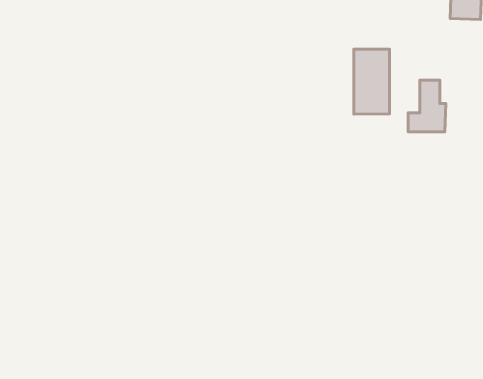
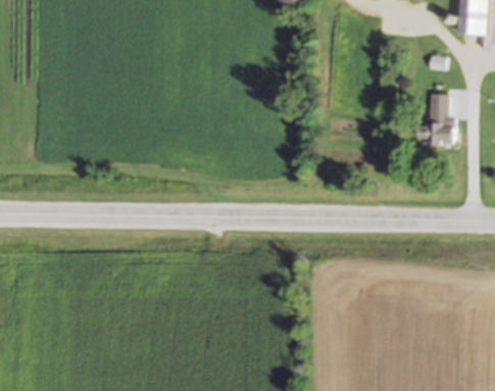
building: [354,49,389,114] -> none

